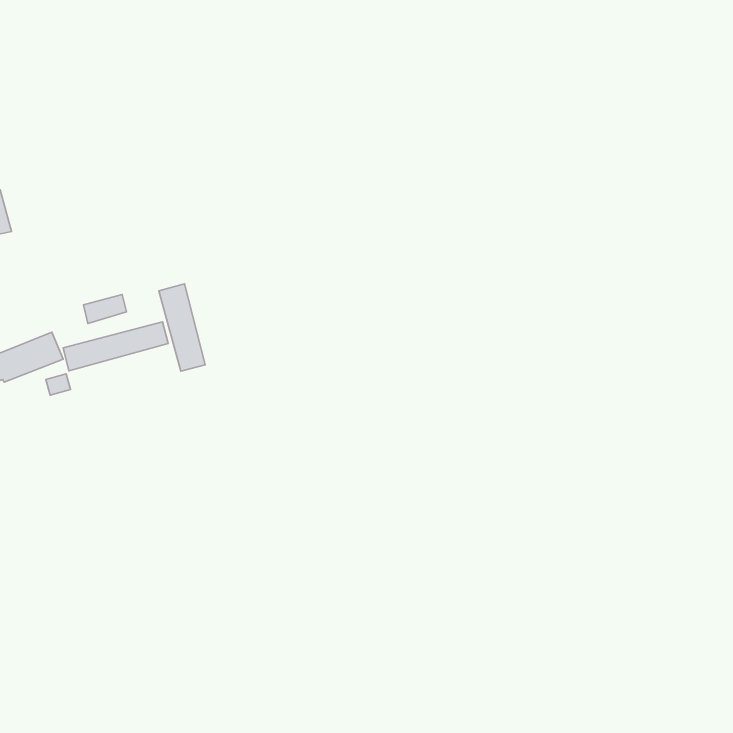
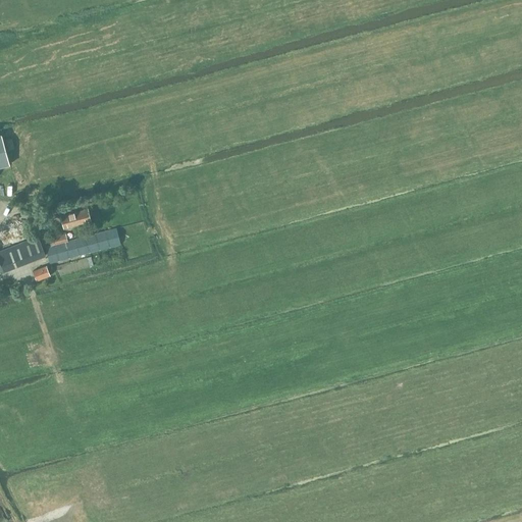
building: [159,284,205,371] -> none

